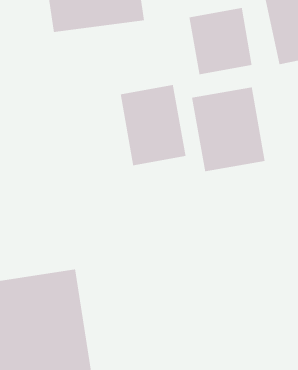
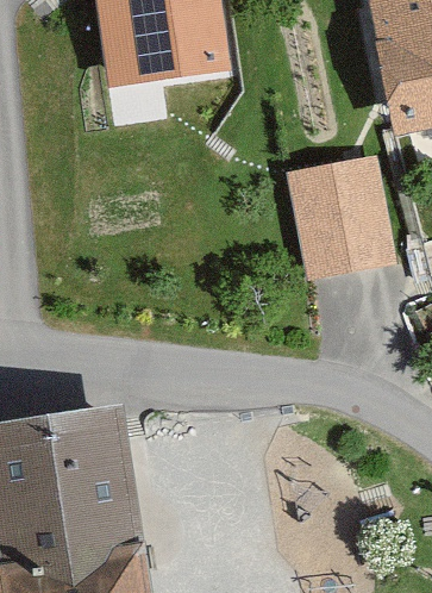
building: [189,7,252,75] -> none
building: [120,84,186,166] -> none

